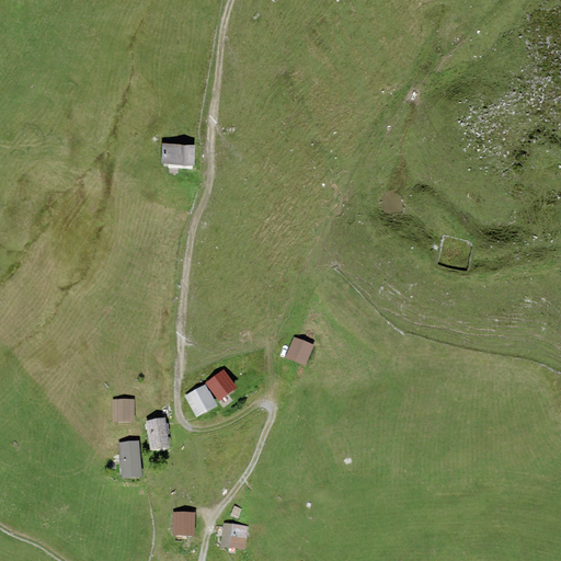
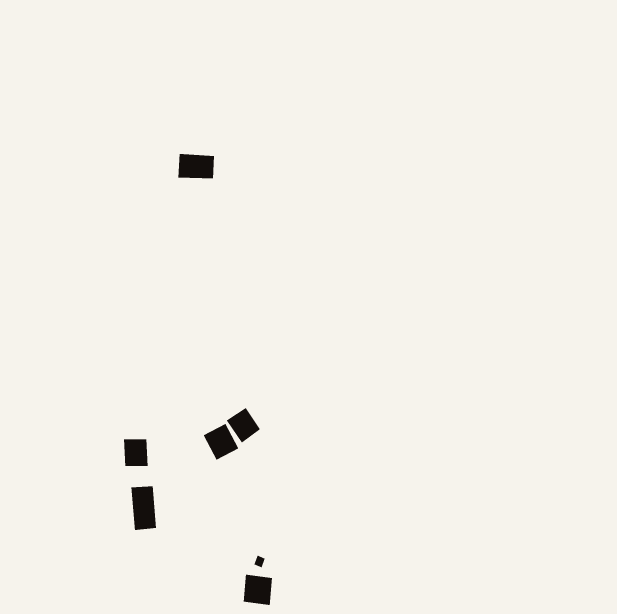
building: [284,337,313,367] -> none
building: [146,419,170,453] -> none
building: [169,511,193,536] -> none

